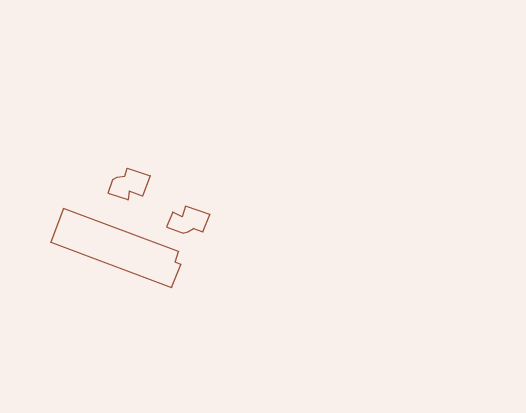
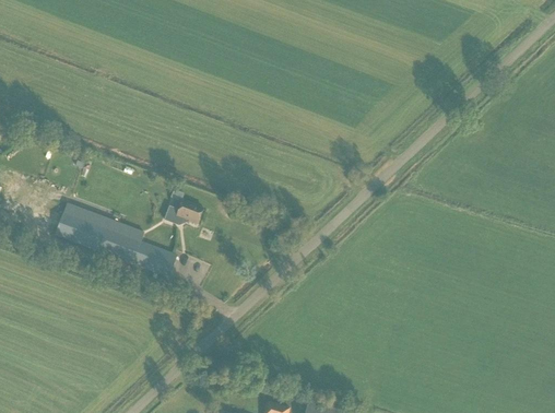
building: [108,168,150,200] -> none

